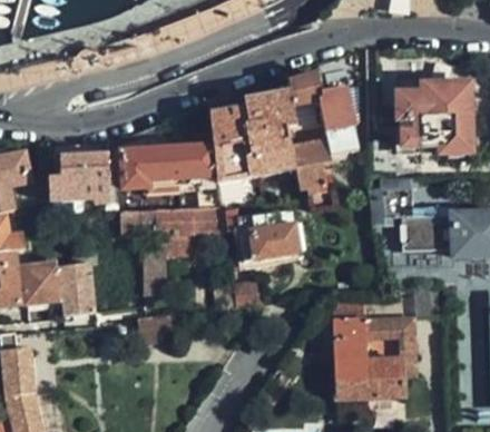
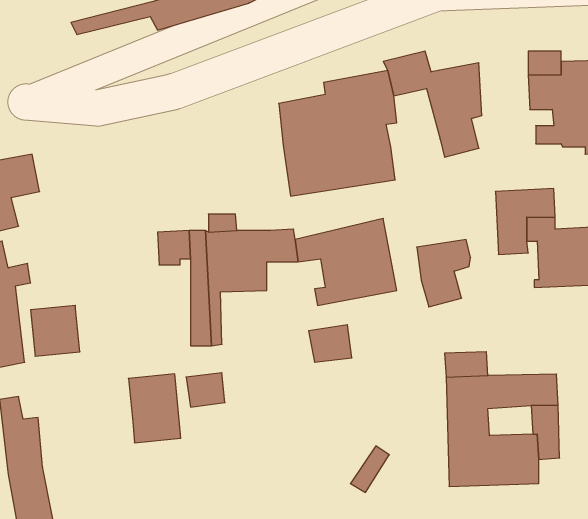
building: [292,140,332,190] -> [417,240,471,307]
building: [120,145,219,208] -> none
building: [49,154,117,204] -> none
building: [57,263,96,314] -> [128,374,181,443]

